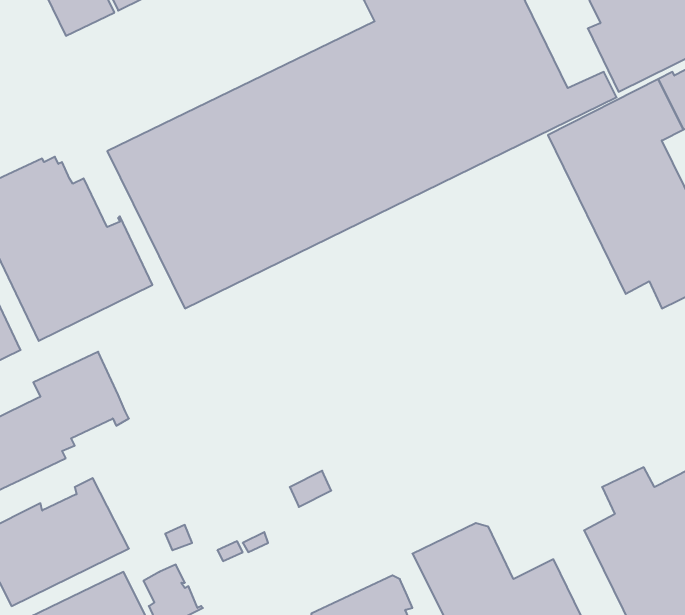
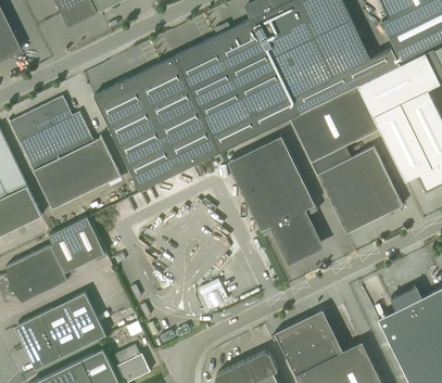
building: none -> [290,86,377,161]
building: none -> [228,136,318,260]
building: none -> [317,145,403,232]

